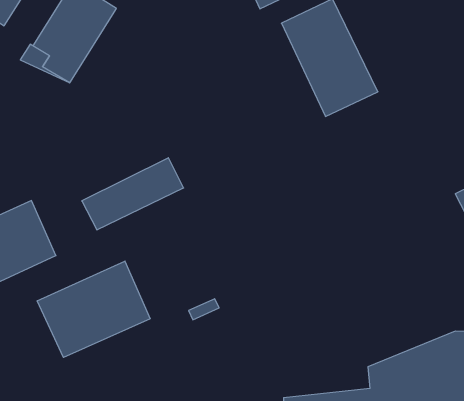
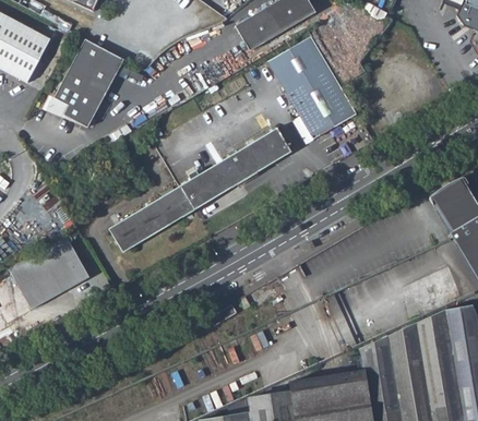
building: none -> [180,127,291,209]
building: [37,261,150,357] -> none

